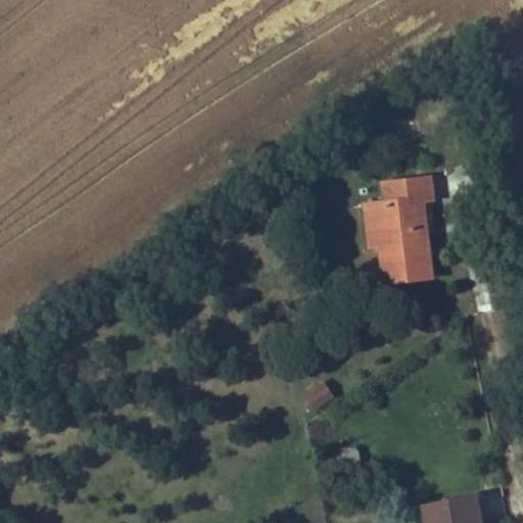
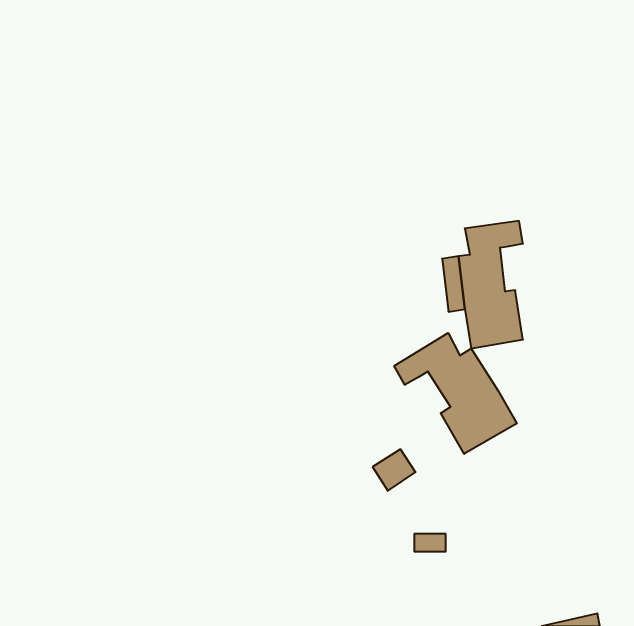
building: none -> [394,333,517,454]

